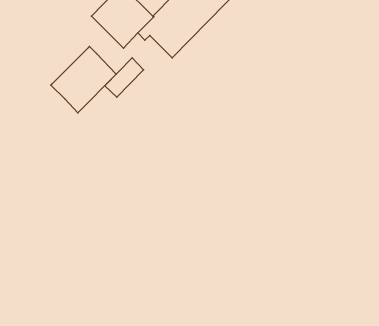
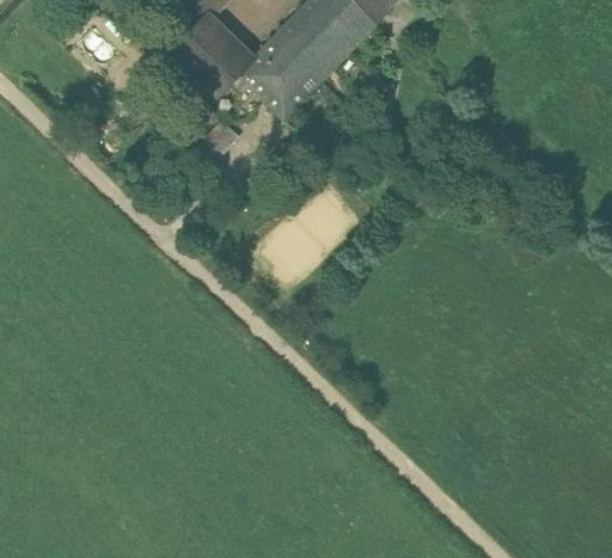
building: [51,46,116,113] -> none

